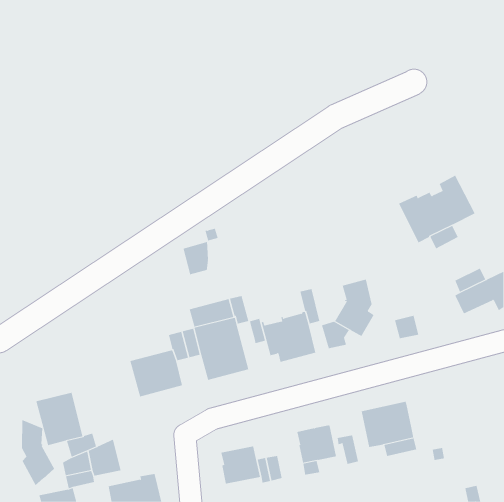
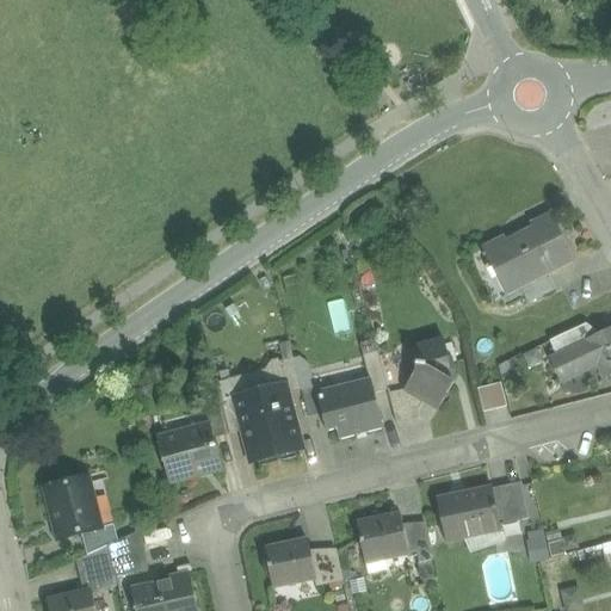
building: [183,241,208,275] -> none
building: none -> [492,482,526,517]
building: [22,419,55,486] -> none

